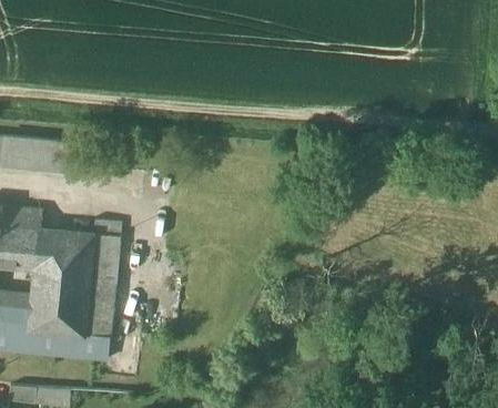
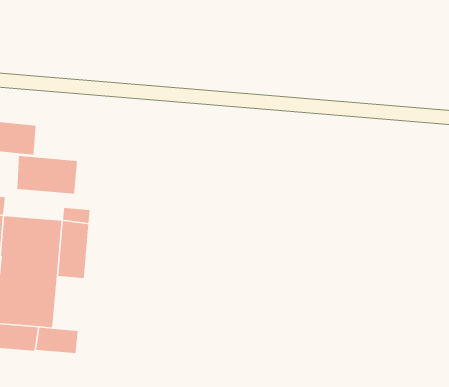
building: none -> [17,155,78,195]
building: [85,286,115,337] -> none

